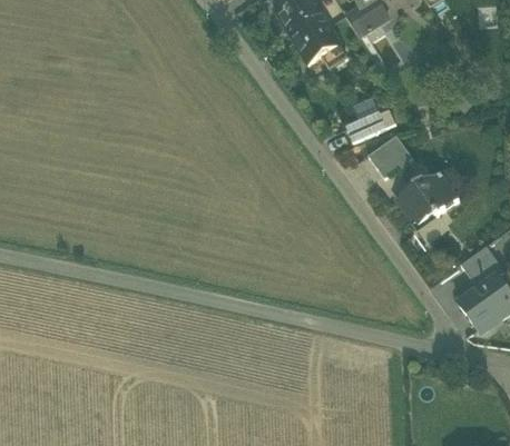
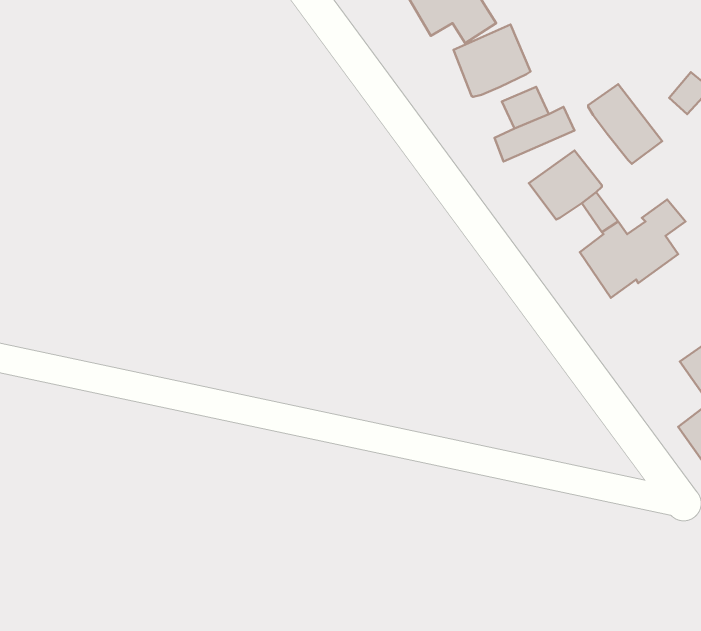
building: none -> [453,25,530,97]
building: none -> [588,84,662,164]

